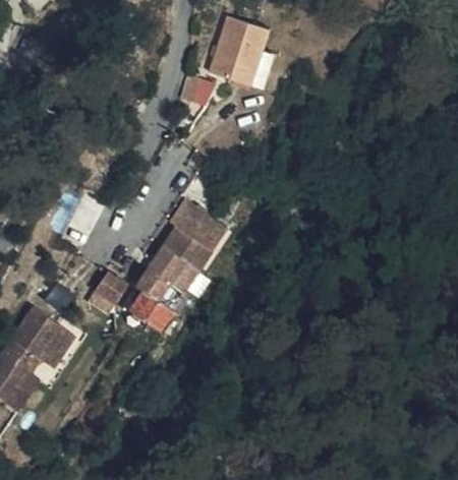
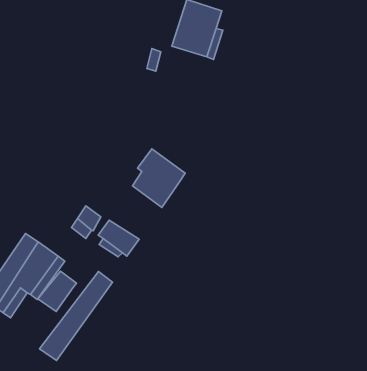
building: [134,244,198,309] -> none
building: none -> [38,271,77,312]
building: none -> [40,271,113,361]

